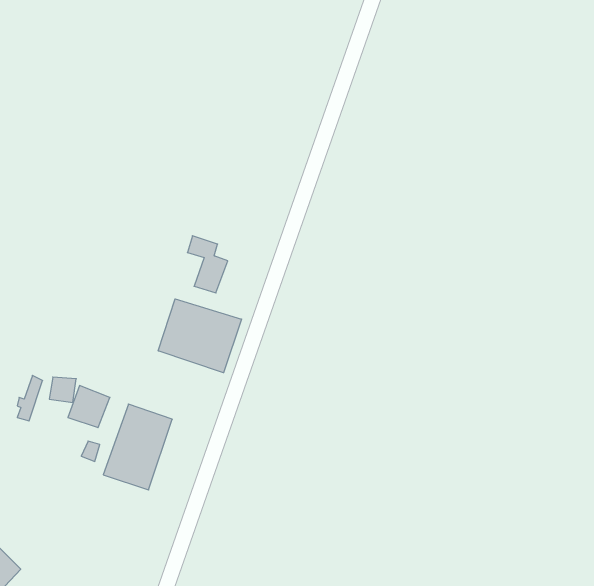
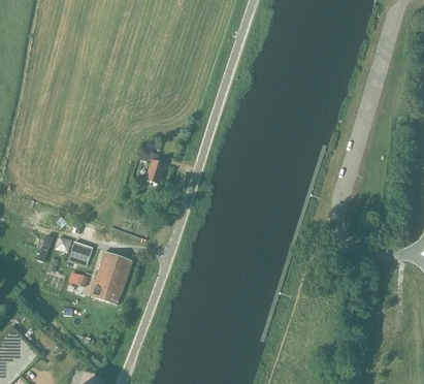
building: [158,299,242,373] -> none

